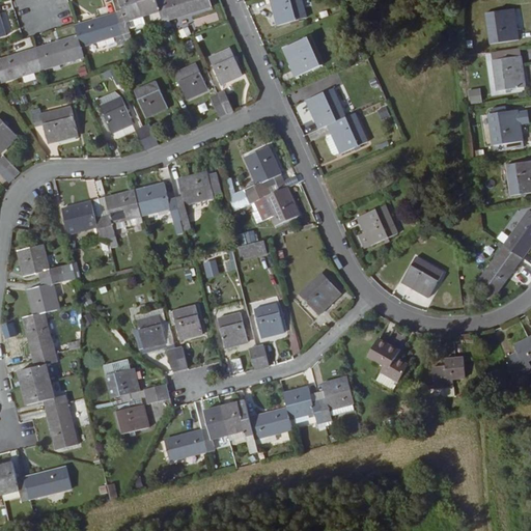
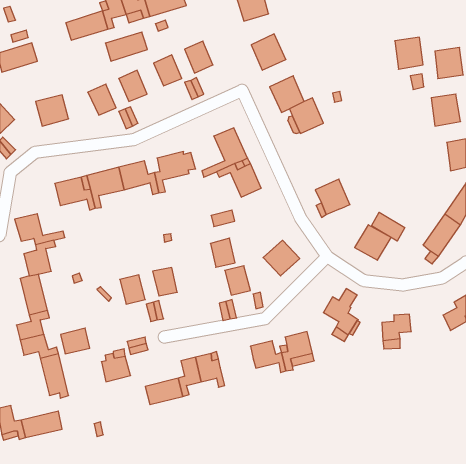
building: [486,4,519,40] -> [395,37,423,69]
building: [36,36,84,69] -> [105,32,147,61]
building: none -> [372,212,405,241]
building: [219,311,247,344] -> [210,238,235,267]
building: [106,367,139,396] -> [61,328,90,354]
building: [250,408,292,438] -> none

